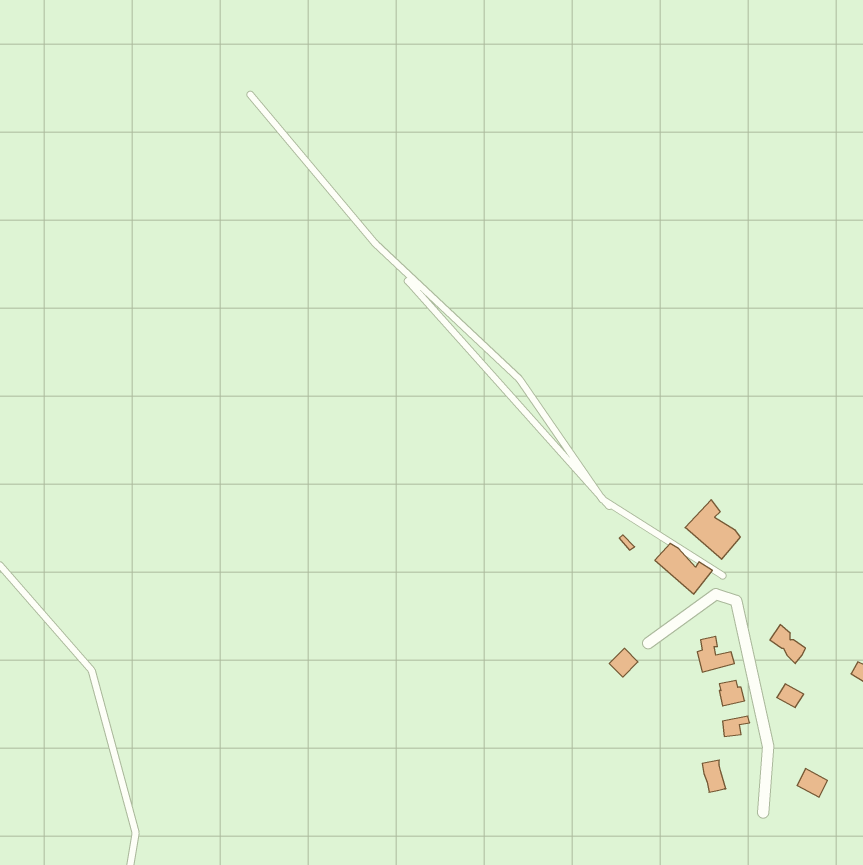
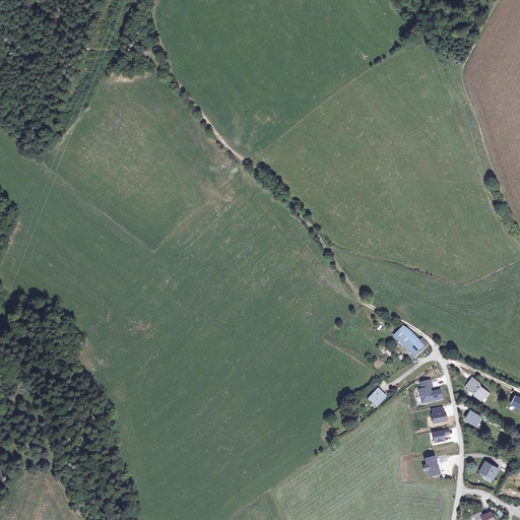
building: [685,500,740,559] -> none

